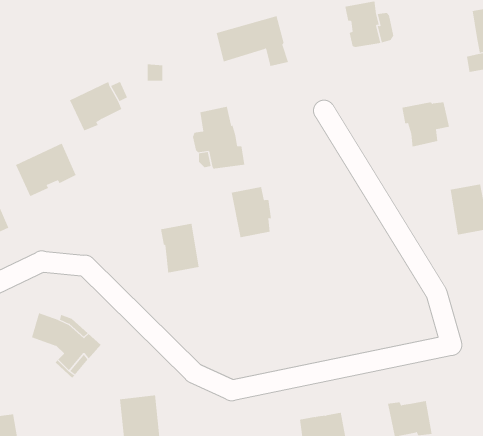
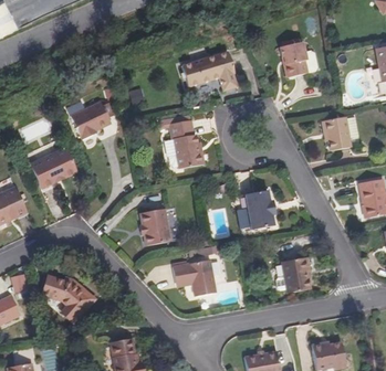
building: [231,186,272,238] -> [244,190,275,229]
building: none -> [281,256,310,292]
building: none -> [173,259,216,295]

